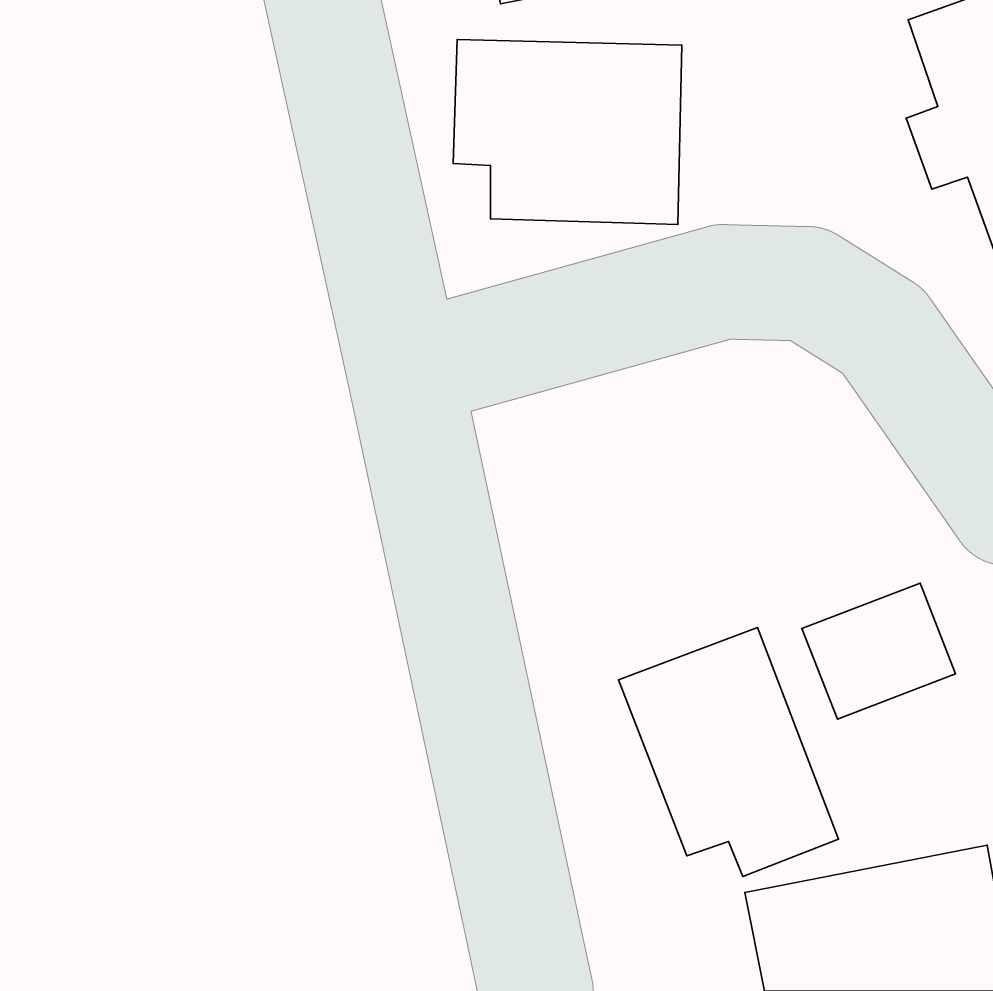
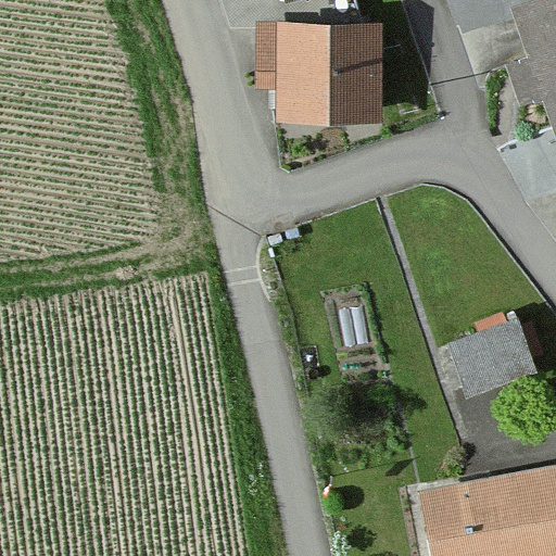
building: [619,628,839,876] -> none

